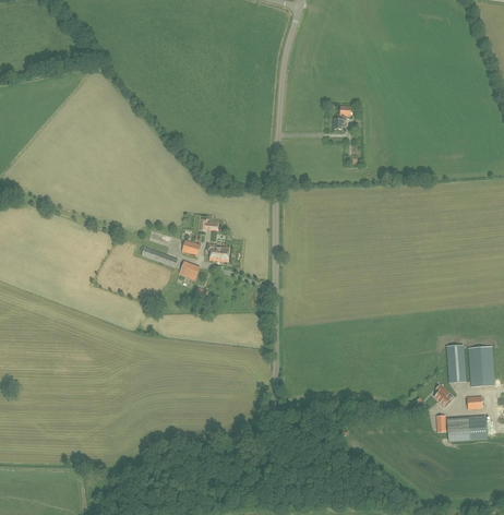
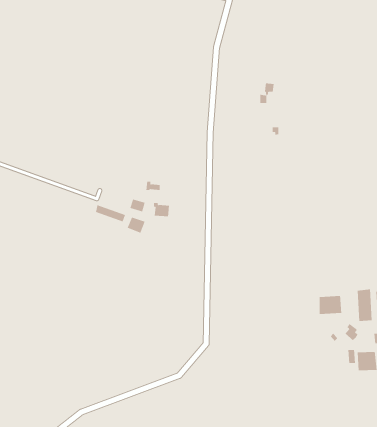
building: none -> [319,295,342,315]

